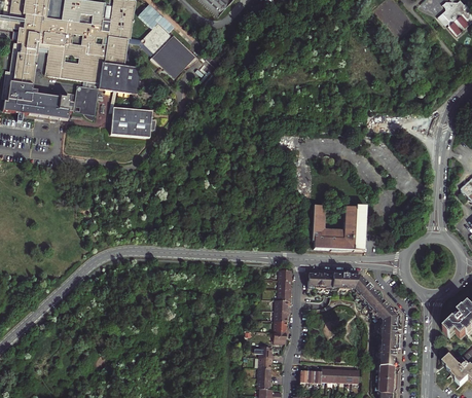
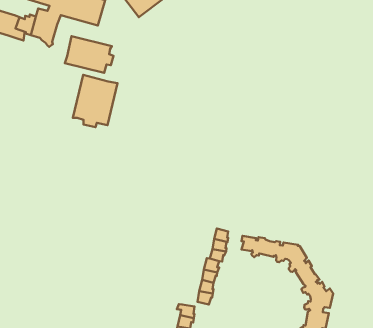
building: none -> [73,75,118,127]
building: [312,206,366,250] -> none

